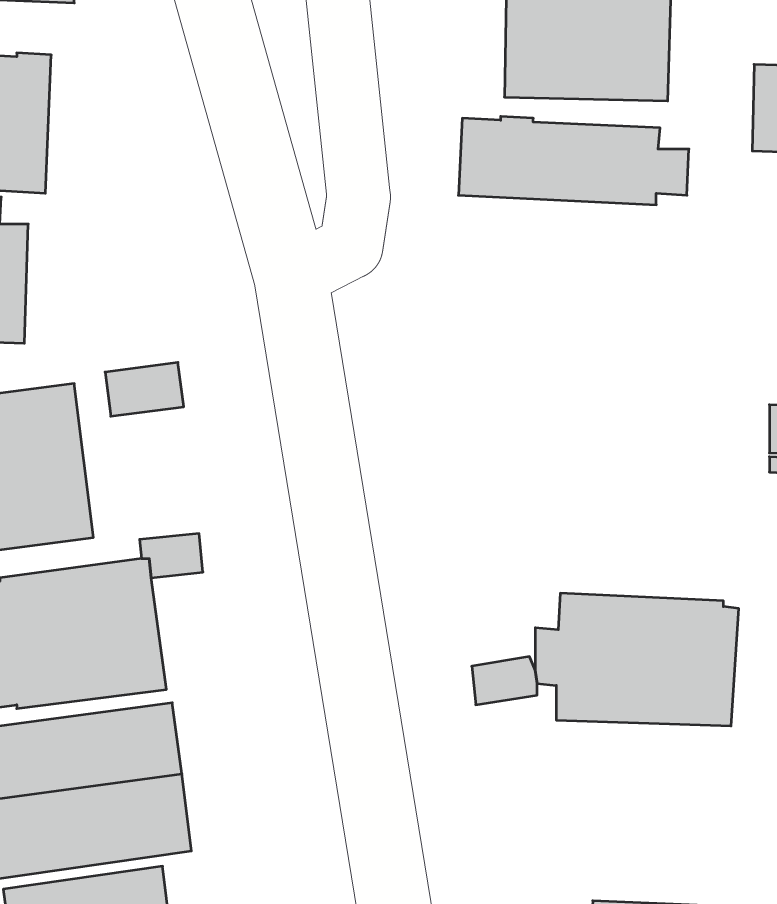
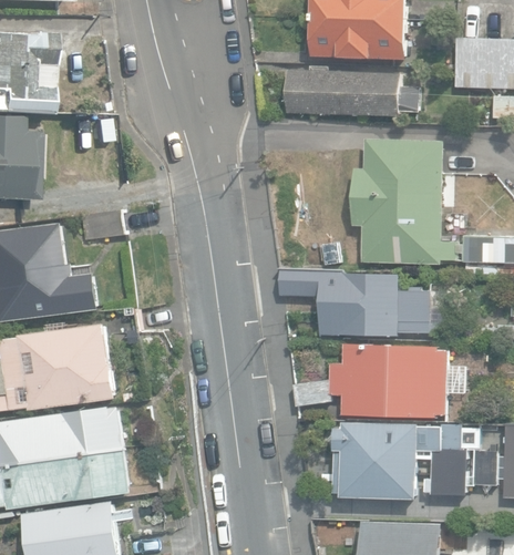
building: none -> [350,136,456,265]
building: none -> [277,269,429,337]
building: none -> [330,421,462,497]

